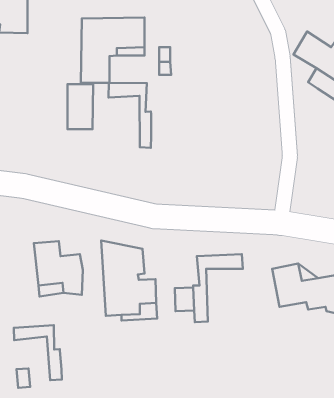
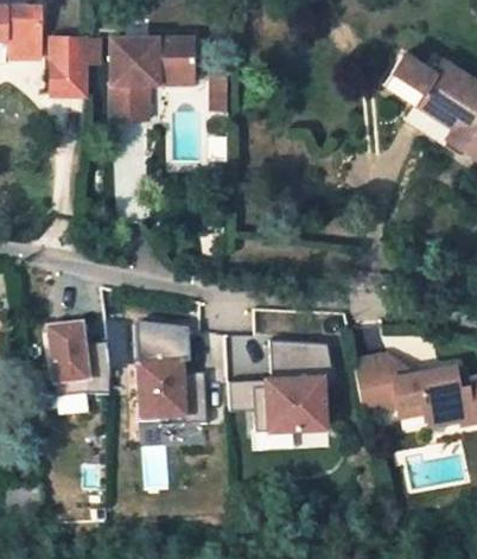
building: [109,83,151,148] -> none
building: [68,84,93,129] -> [53,36,87,94]
building: none -> [271,360,319,427]
building: [14,325,62,380] -> none

